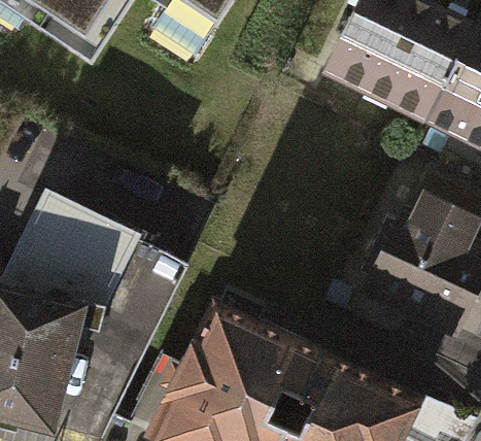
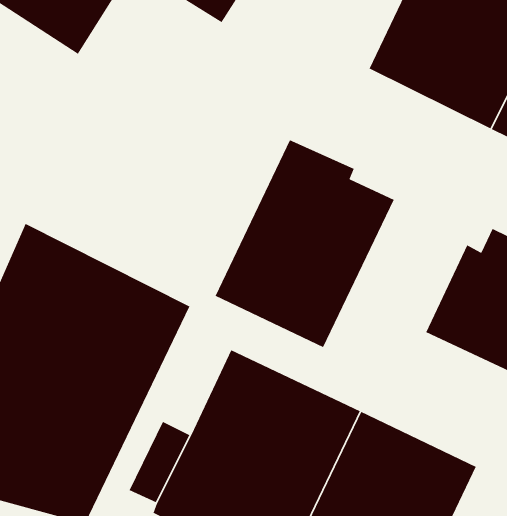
building: none -> [214,139,395,348]

